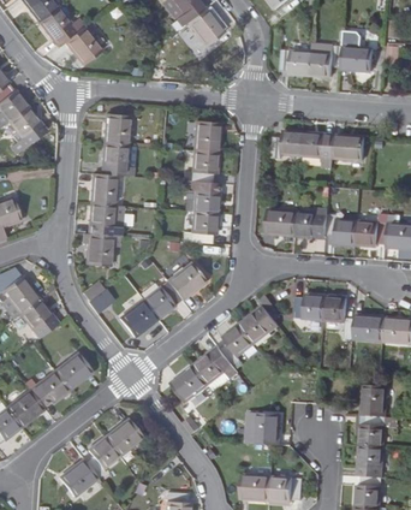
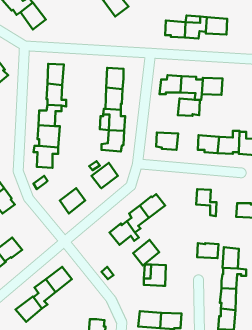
building: [296,218,328,243] -> [178,99,200,116]
building: [148,280,184,316] -> none
building: [293,298,326,322] -> none
building: [353,319,385,340] -> [197,243,218,258]
building: [54,351,94,389] -> none
building: [173,363,212,401] -> [133,240,159,265]

